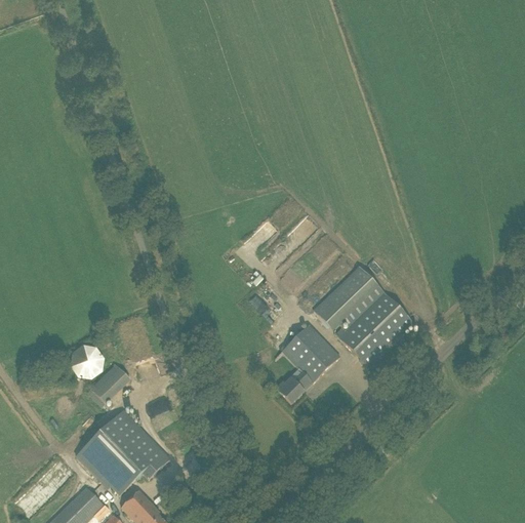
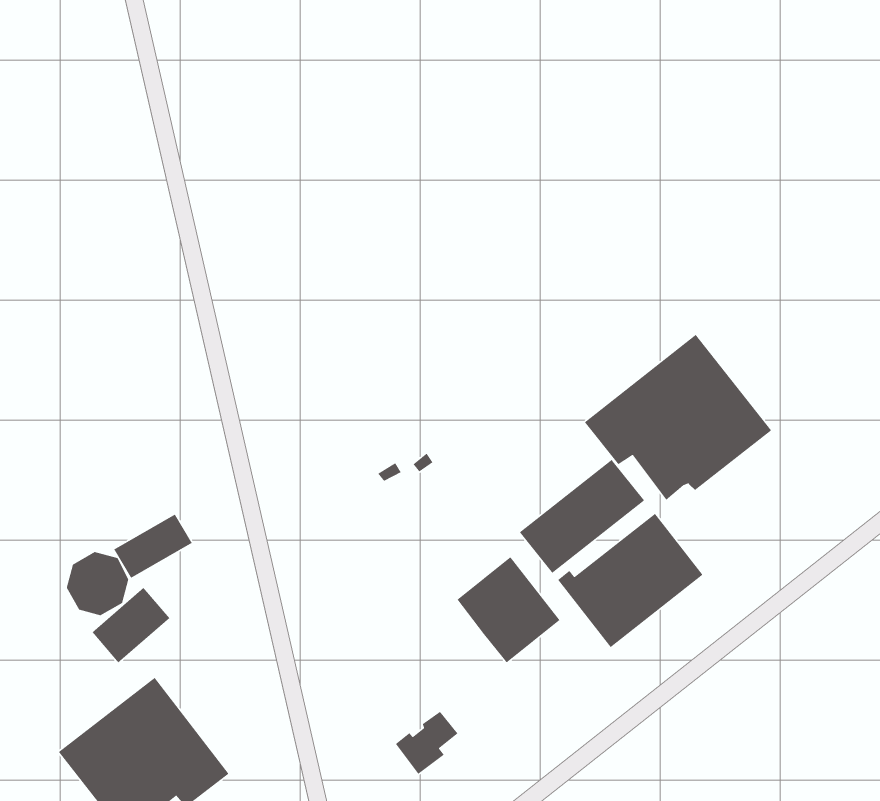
building: none -> [584,334,772,501]
building: none -> [113,513,193,579]
building: [277,368,311,404] -> [395,711,459,775]

